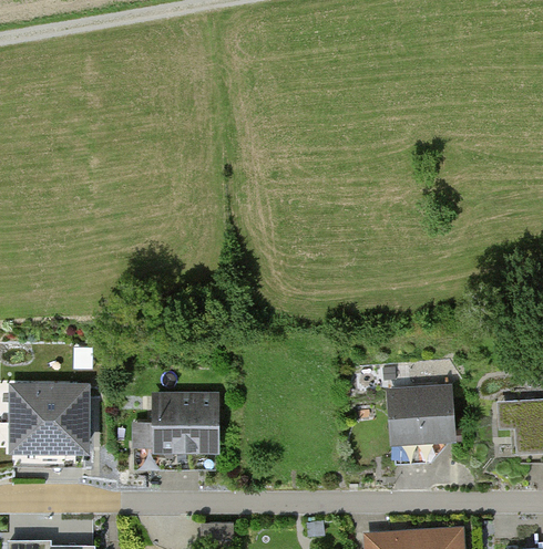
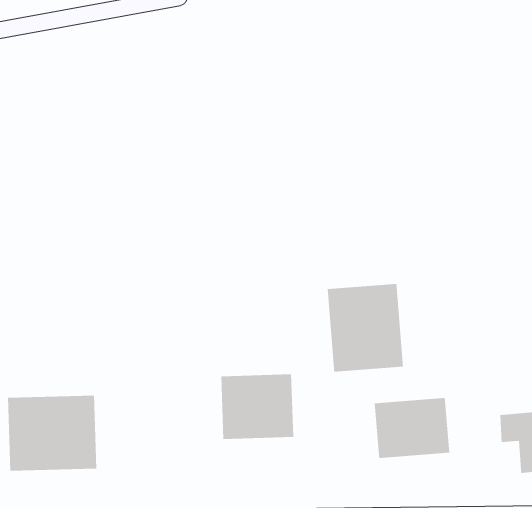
building: none -> [327,283,404,372]
building: [143,392,214,455] -> [220,374,294,439]

